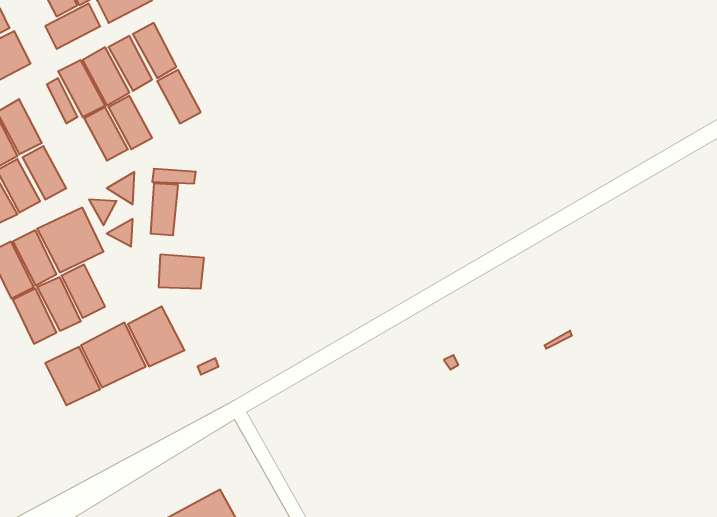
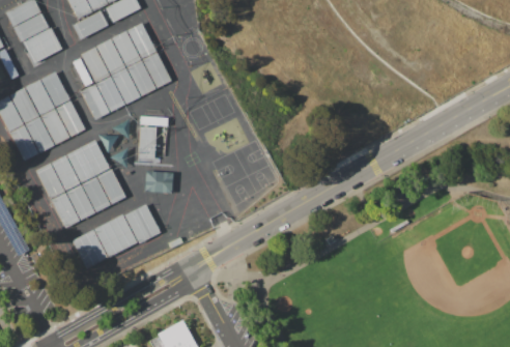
building: none -> [128,61,155,95]
building: none -> [81,84,110,119]
building: none -> [97,169,125,204]

